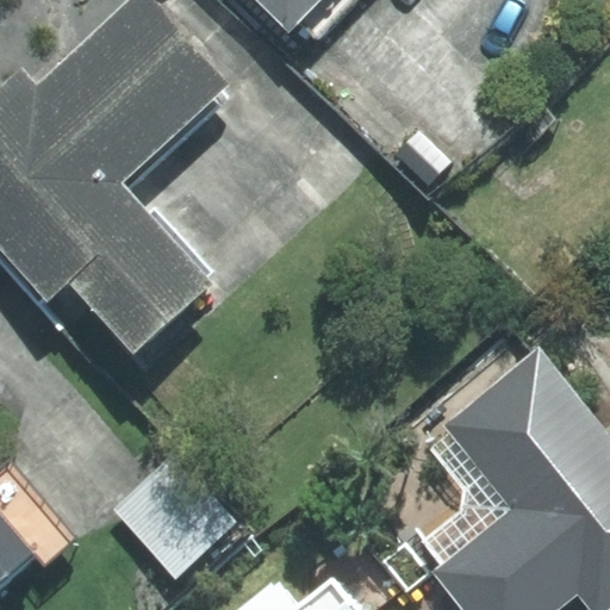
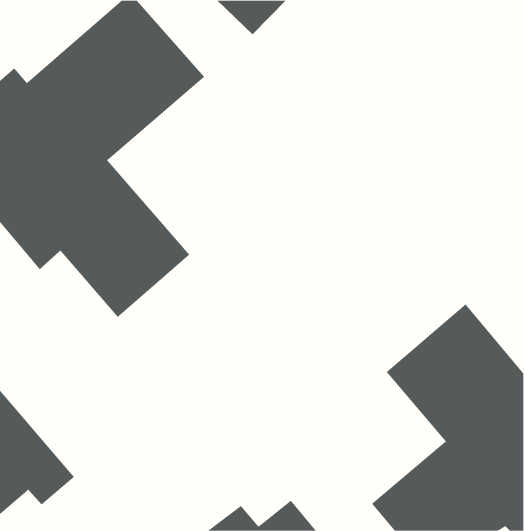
building: [108,441,256,587] -> none

